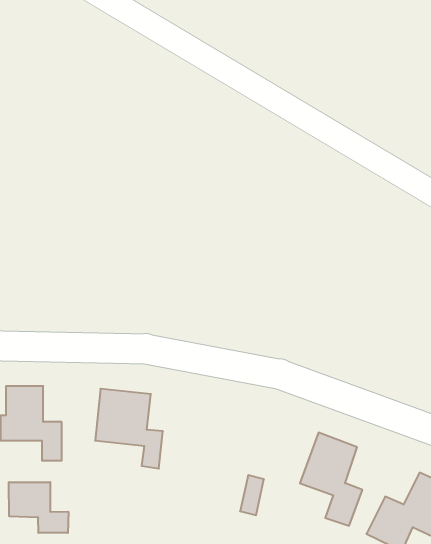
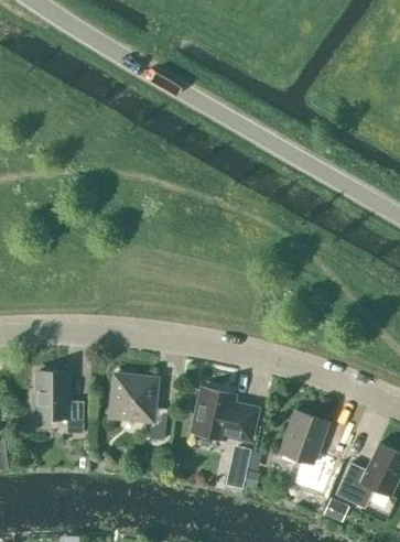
building: none -> [192,387,257,440]
building: [9,482,68,533] -> none

